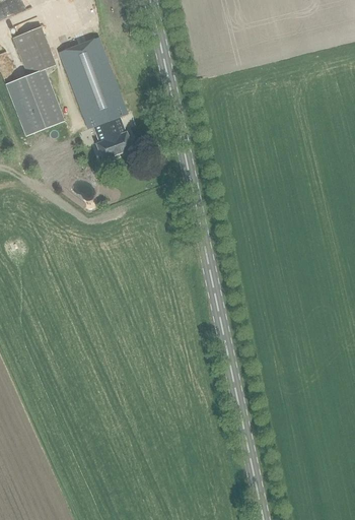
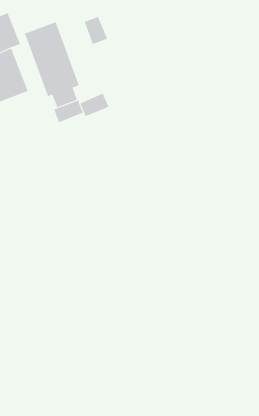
building: none -> [84,16,107,45]
building: none -> [80,93,109,117]

